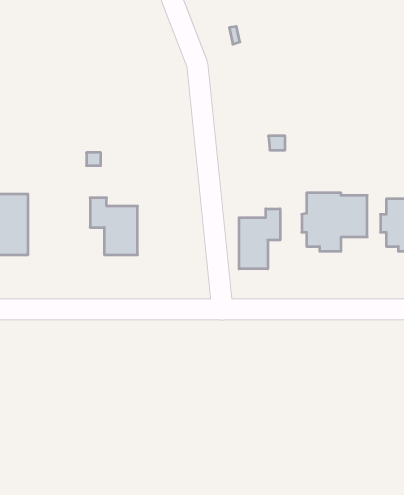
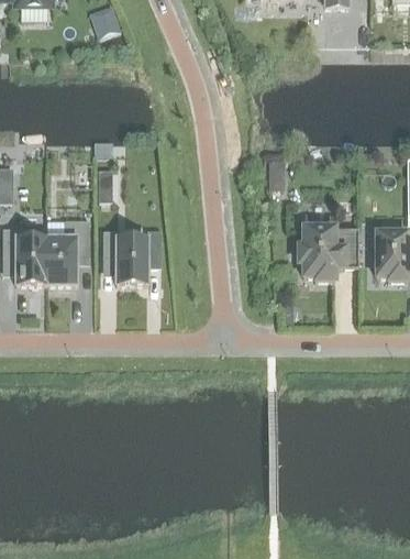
building: none -> [45,220,89,284]
building: [239,209,280,269] -> none

